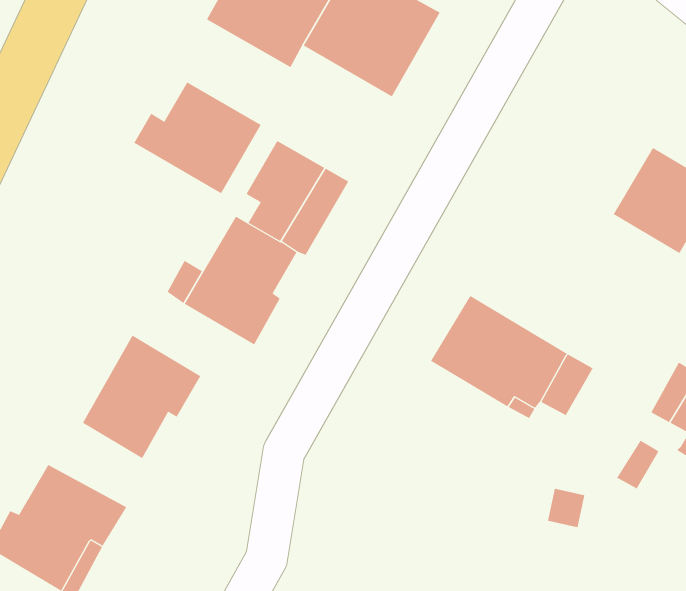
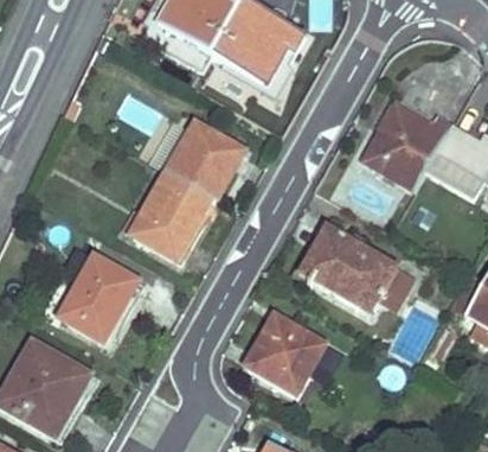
building: [134,81,262,194] -> none
building: none -> [365,101,452,187]
building: none -> [248,317,323,393]

